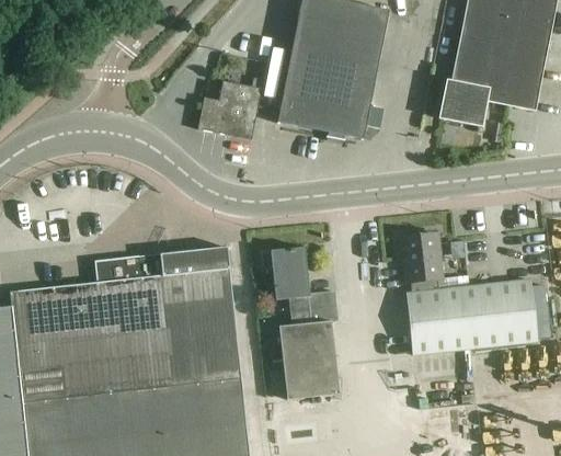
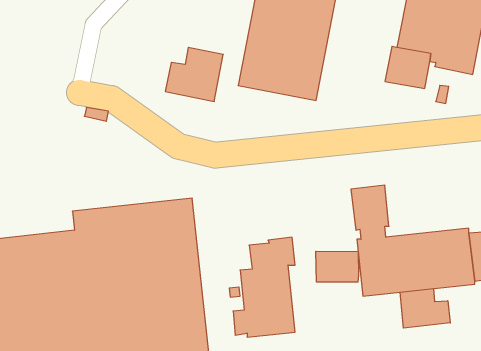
building: [265,247,311,299] -> none
building: none -> [316,251,358,282]
building: none -> [400,289,450,328]

